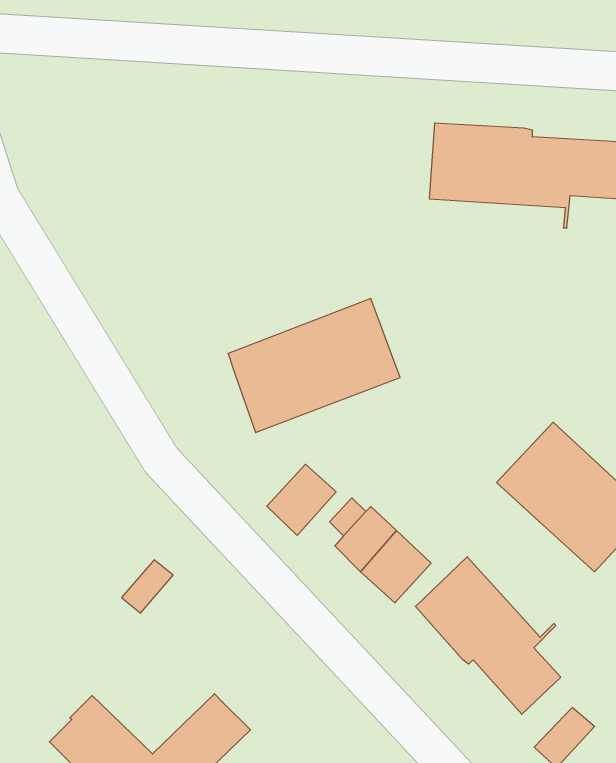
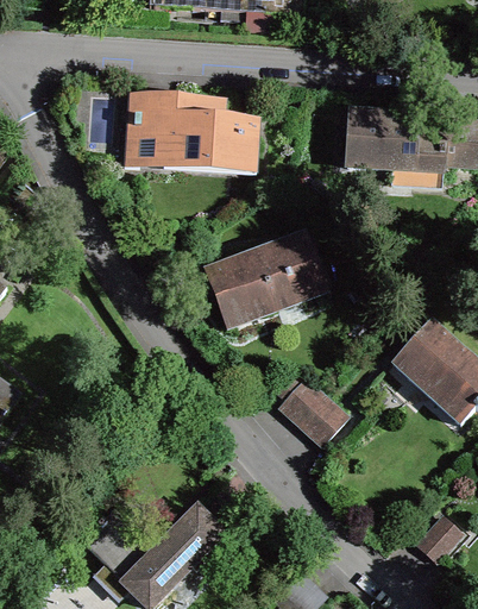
building: none -> [124,92,256,172]
building: [267,464,336,535] -> none
building: [415,557,561,714] -> none

